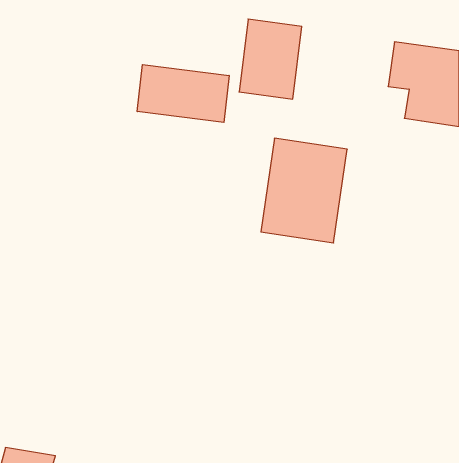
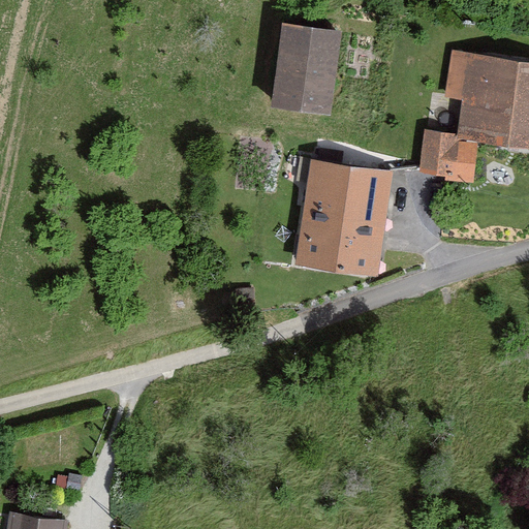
building: [137,65,229,122] -> none
building: none -> [417,131,479,182]

